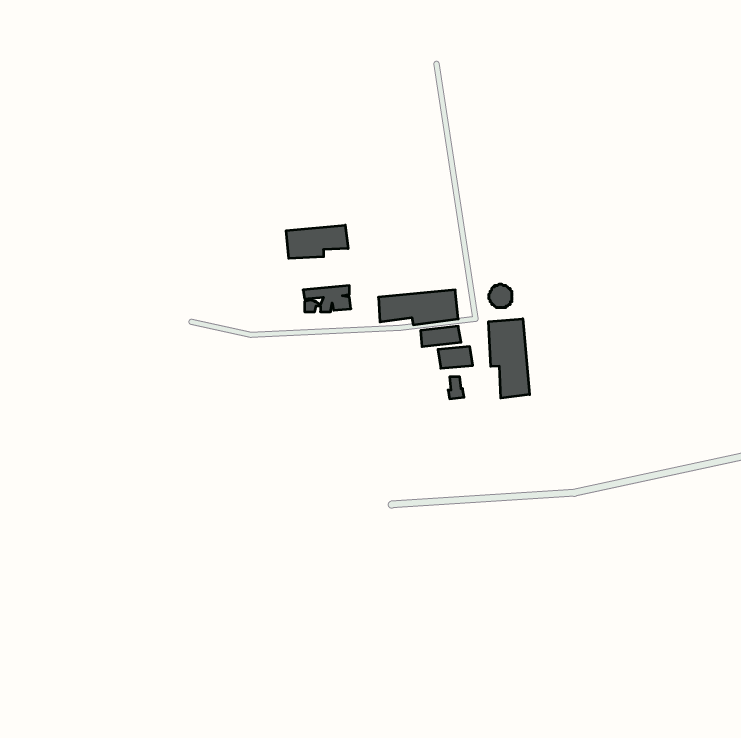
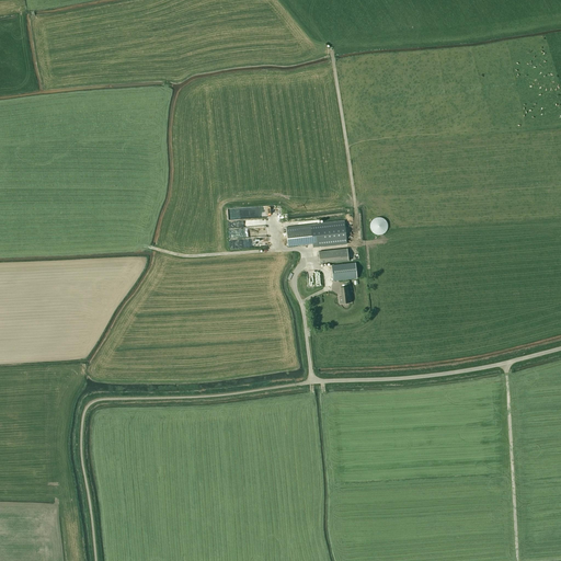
building: [286,225,348,258] -> none
building: [489,319,530,398] -> none

